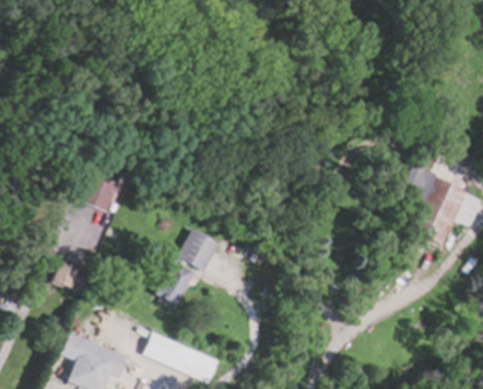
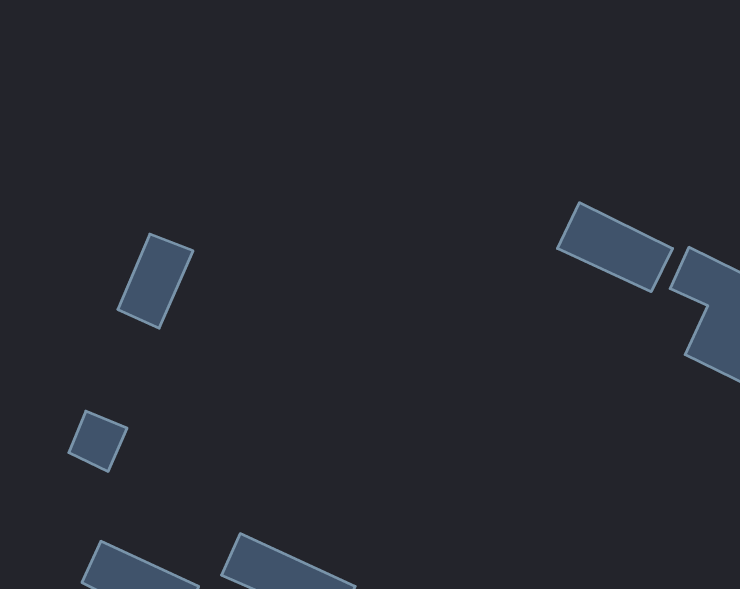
building: none -> [557,203,673,292]
building: [161,240,220,307] -> none

